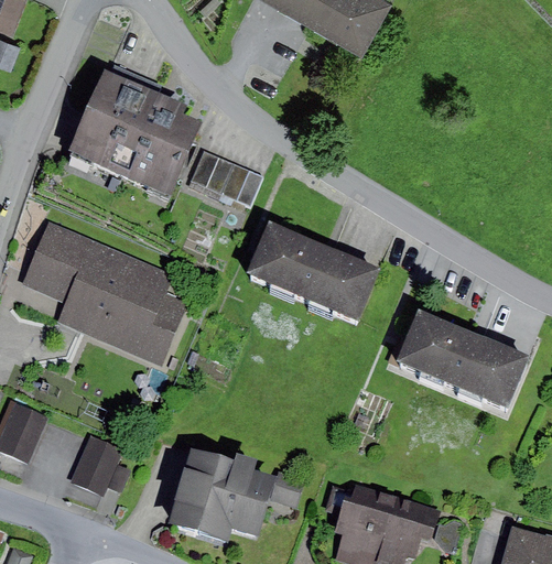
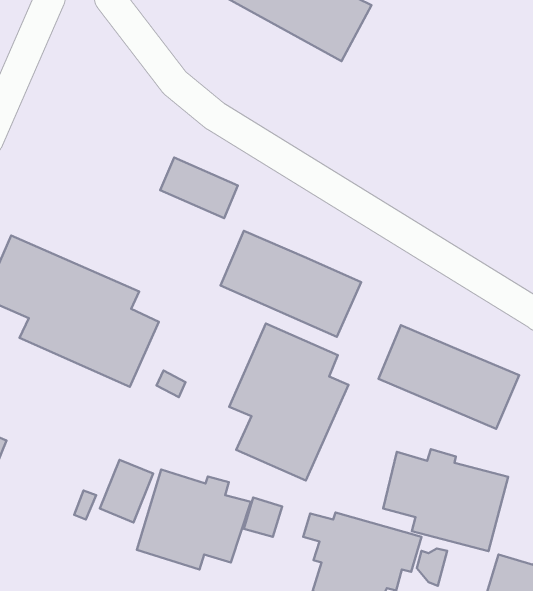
building: [69,70,201,193] -> none
building: none -> [229,324,349,480]
building: none -> [383,449,508,551]
building: [69,437,120,497] -> [100,460,153,523]

